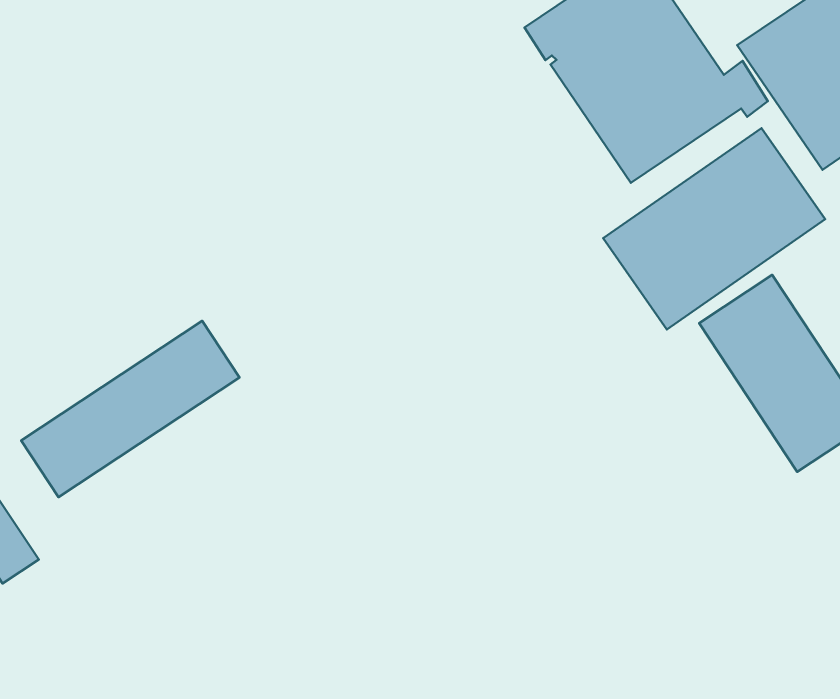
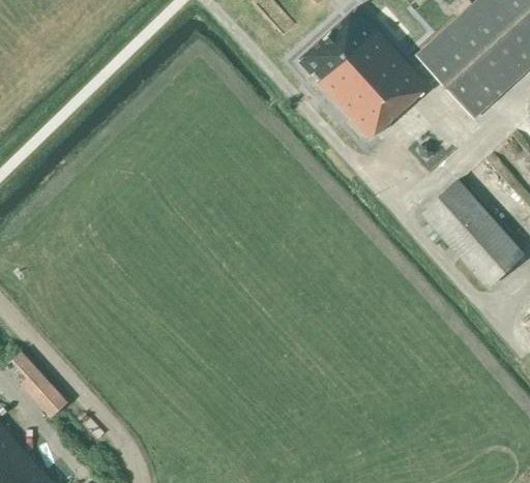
building: [603,128,825,329] -> none
building: [21,321,240,497] -> none

